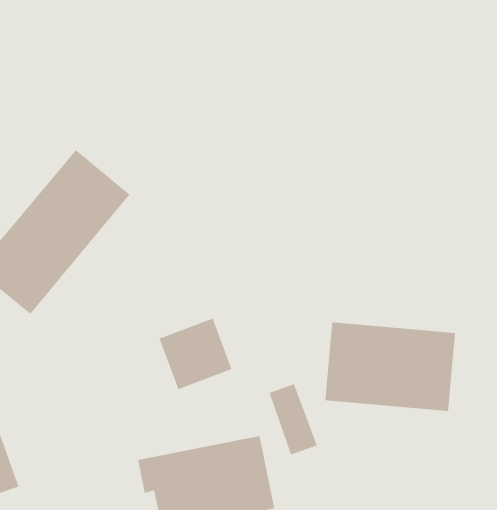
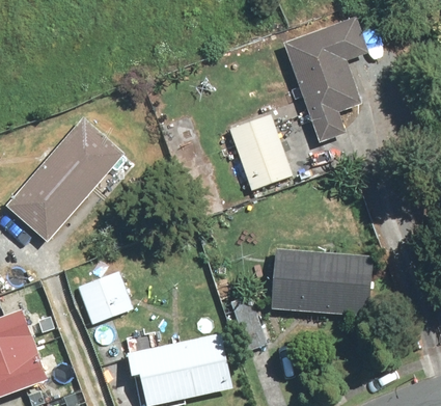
building: none -> [281,15,369,142]
building: none -> [228,114,291,189]
building: [159,318,232,390] -> [77,269,133,324]

